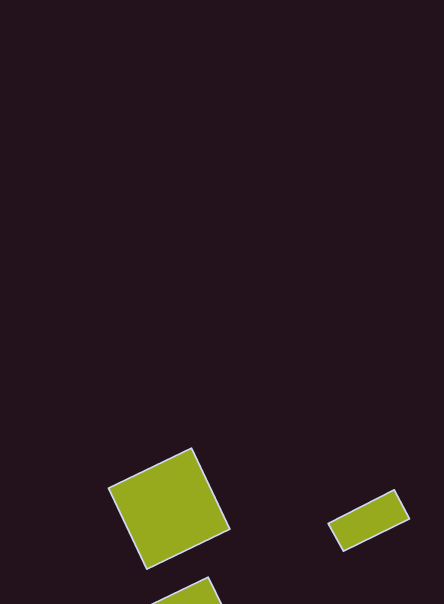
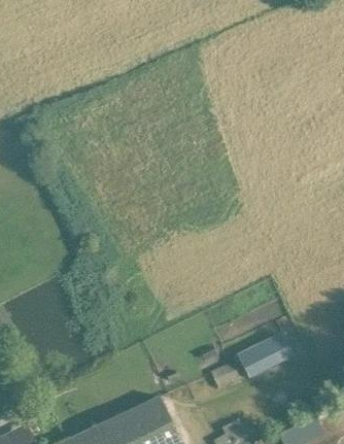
building: [108,448,230,569] -> none

